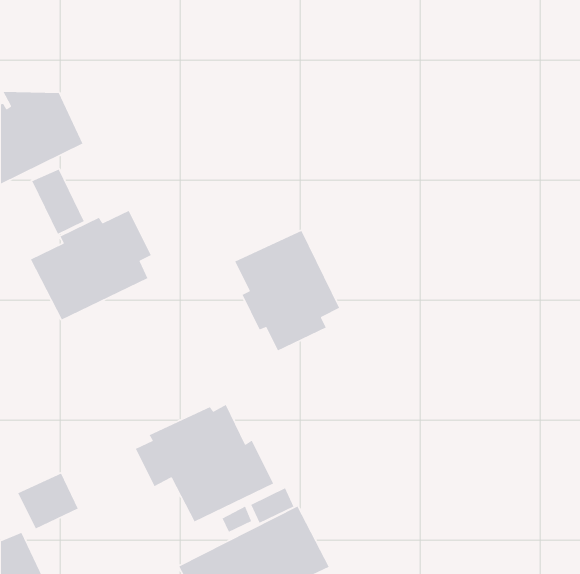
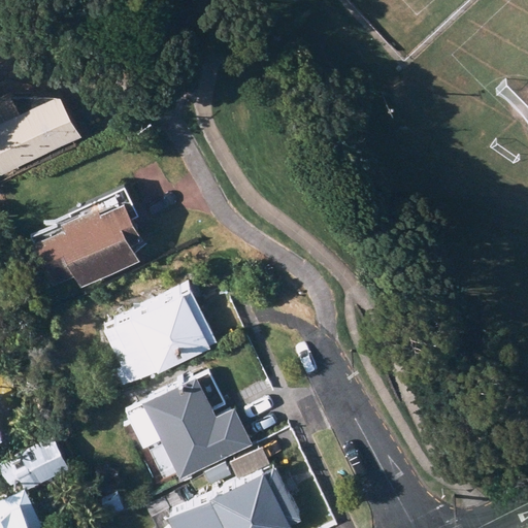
building: [31,169,85,235] -> none
building: [234,230,340,351] -> none
building: none -> [101,287,214,388]

